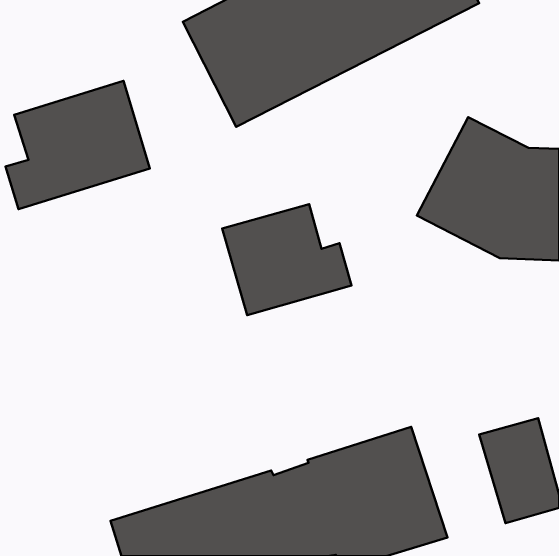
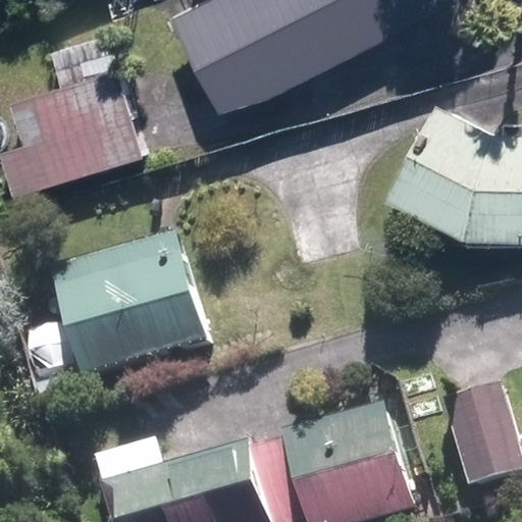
building: [222,204,351,315] -> none
building: none -> [57,241,206,378]

